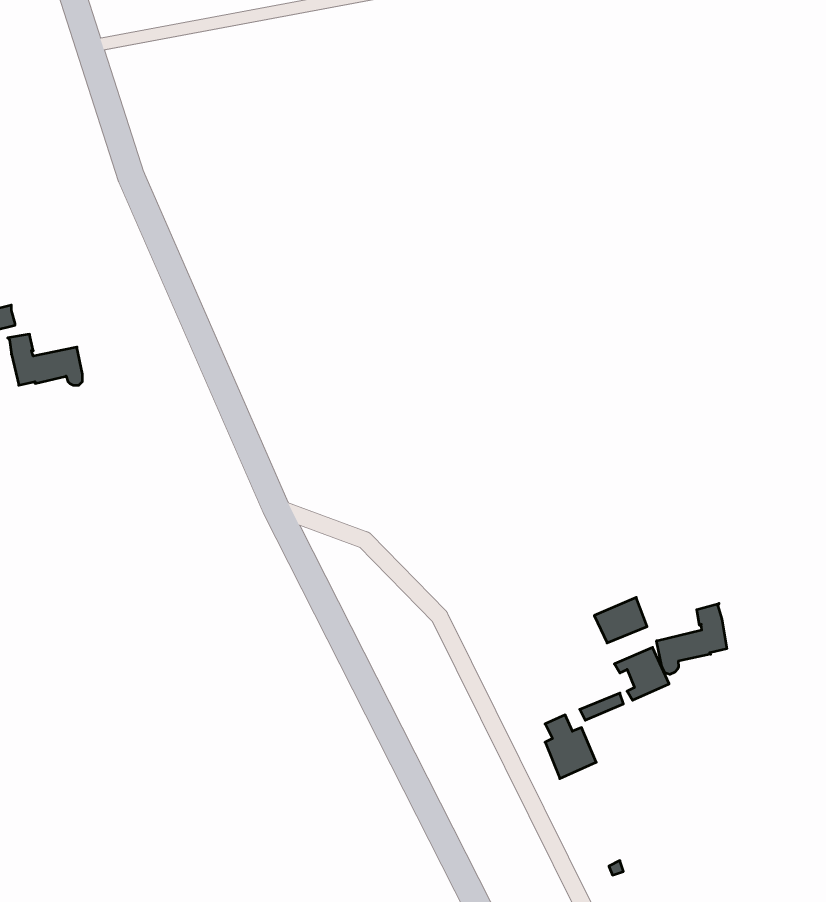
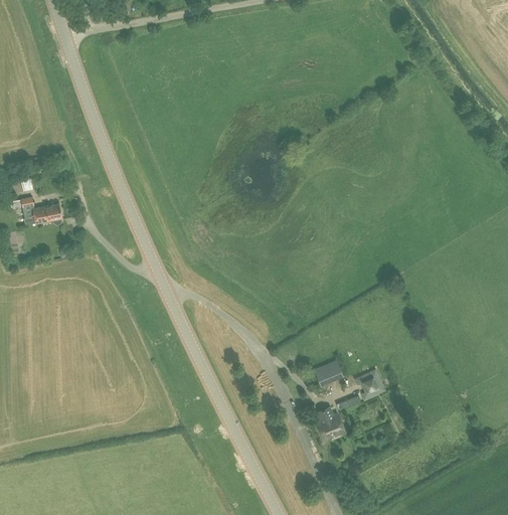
building: [594,597,647,643] -> [313,358,342,383]
building: [657,603,727,674] -> none

